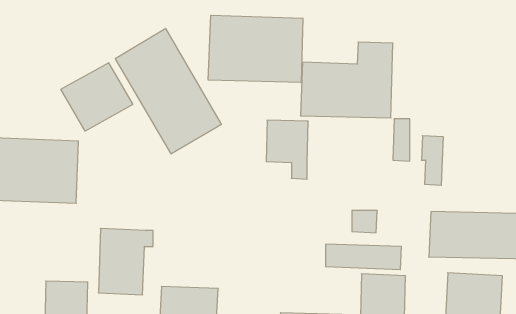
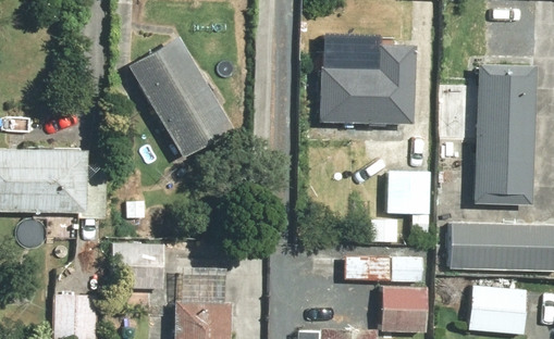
building: [208,15,303,83] -> none
building: none -> [475,64,535,205]
building: [61,63,133,131] -> none
building: [266,120,308,179] -> [387,171,431,231]

